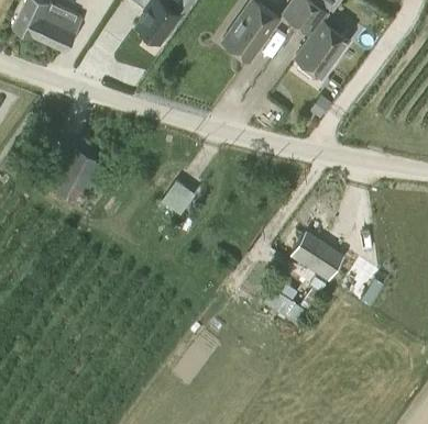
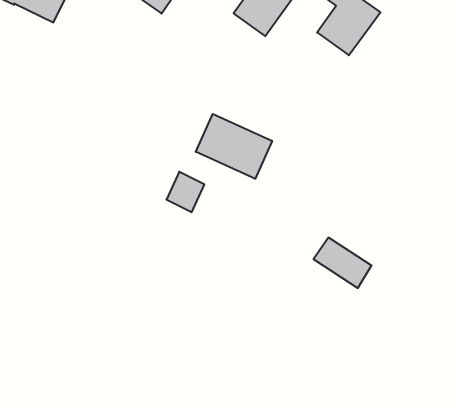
building: none -> [196,114,272,179]
building: [52,146,107,205] -> none

